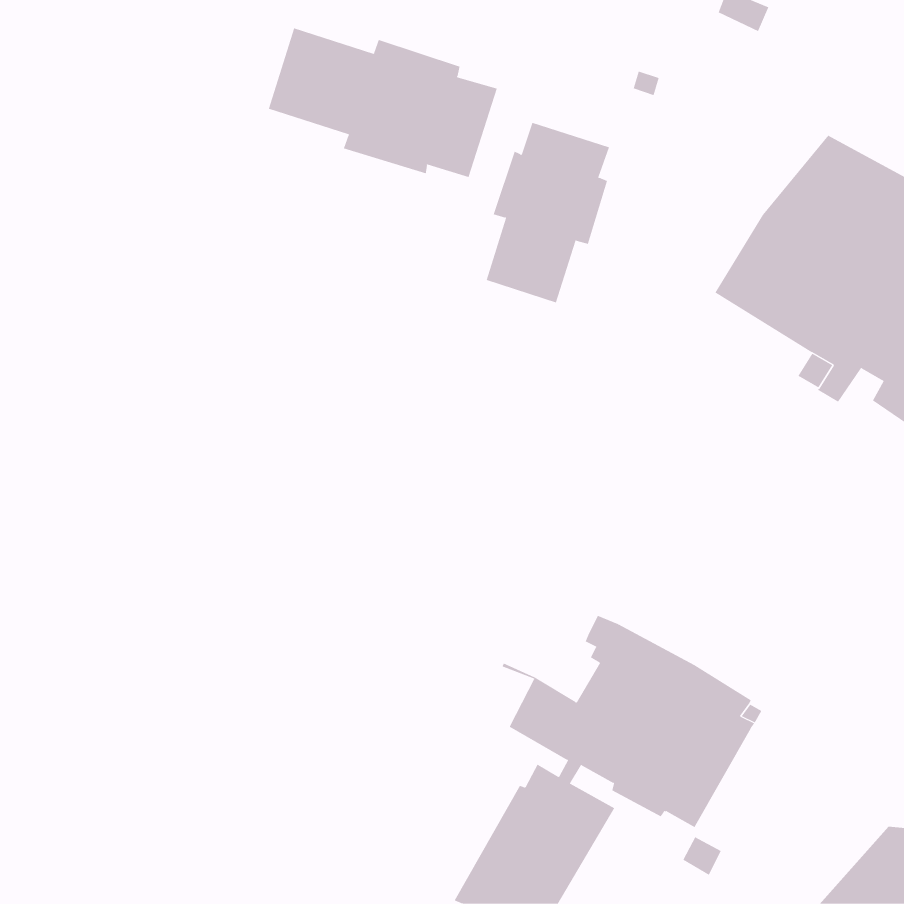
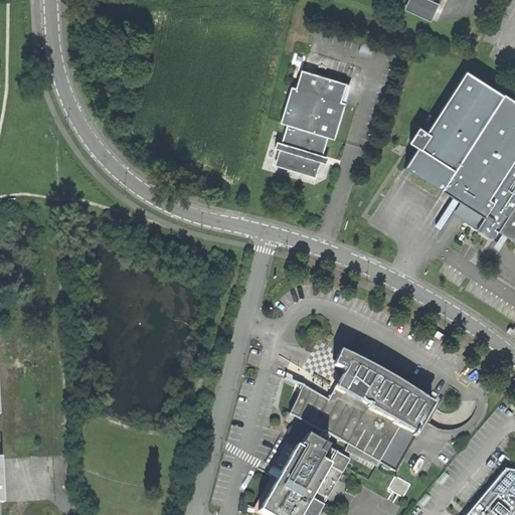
building: [268,27,497,178] -> none

